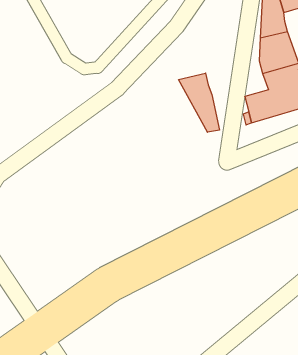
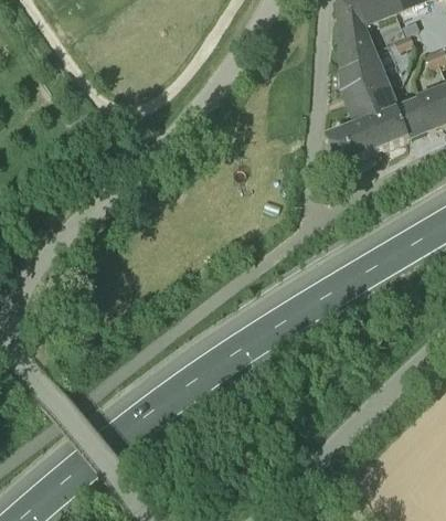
building: [179,73,219,132] -> none

